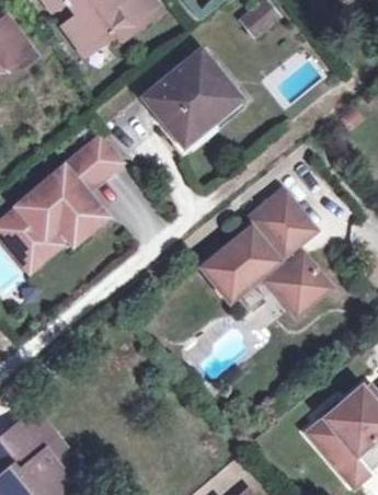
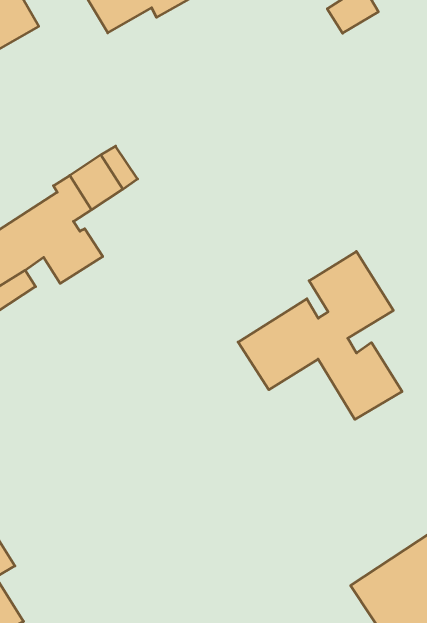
building: [142,48,240,138] -> none

